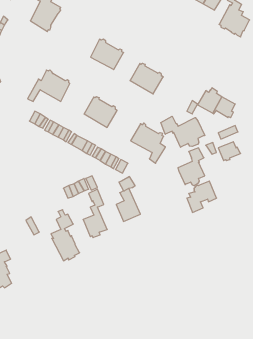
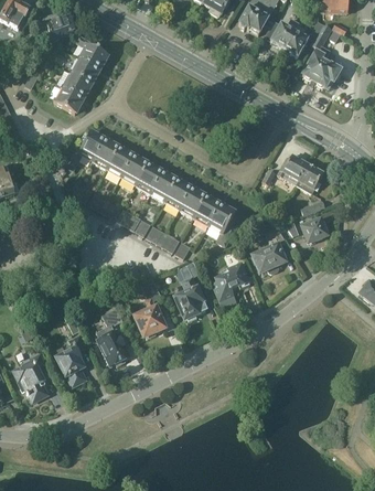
building: none -> [54,70,92,113]
building: [91,39,124,70] -> [108,147,149,184]
building: [130,63,163,94] -> [165,180,206,217]
building: [161,116,205,147] -> none
building: [187,181,217,212] -> [214,263,250,301]
building: none -> [54,333,87,385]

